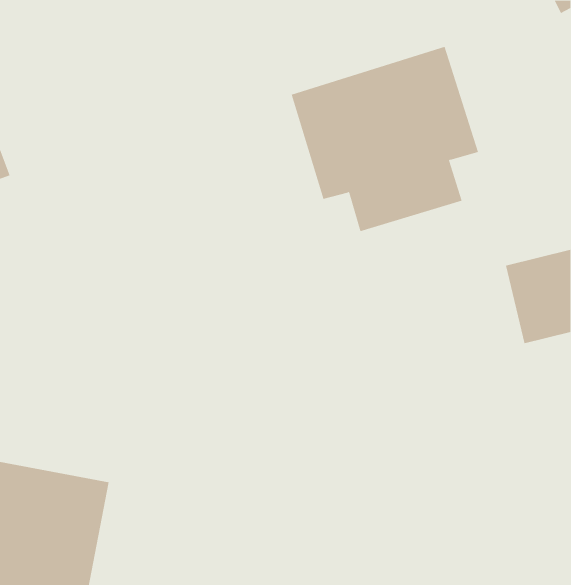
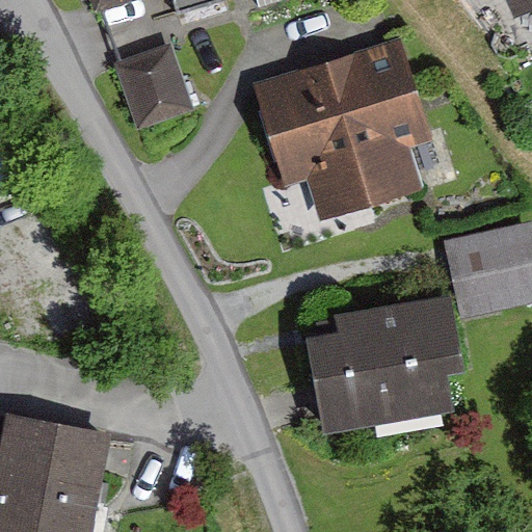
building: none -> [105,31,181,110]
building: none -> [311,298,463,430]

